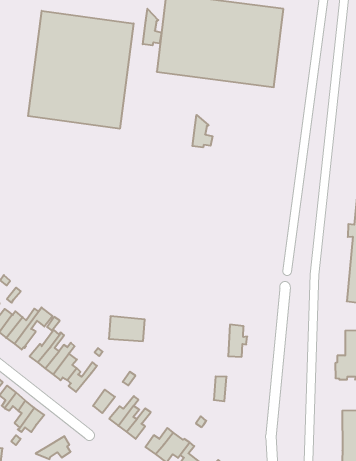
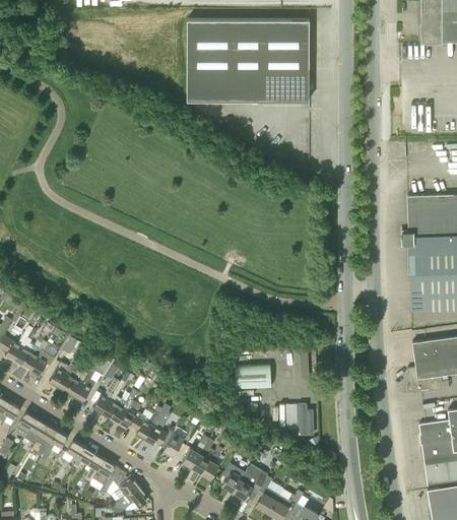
building: [143,9,162,45] -> none
building: [28,11,134,129] -> none
building: [192,115,213,147] -> none
building: [109,316,145,341] -> [236,365,272,389]
building: none -> [144,417,169,446]
building: none -> [298,404,314,437]
building: none -> [101,466,138,500]

